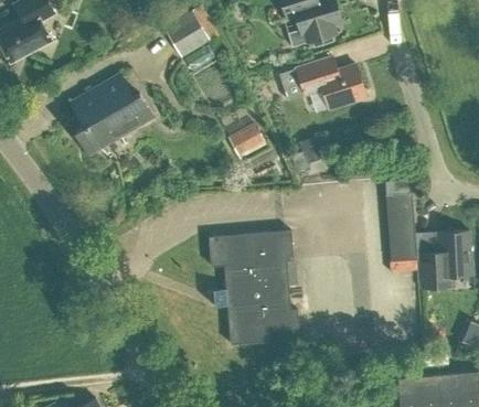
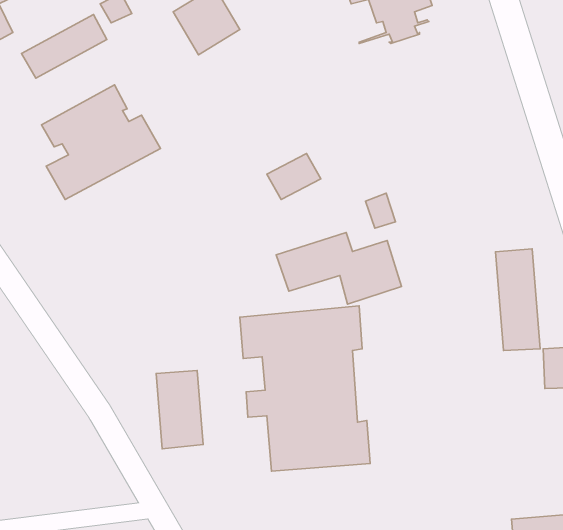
building: none -> [21,14,107,78]
building: [278,58,365,108] -> [276,232,402,304]
building: none -> [156,370,203,449]

